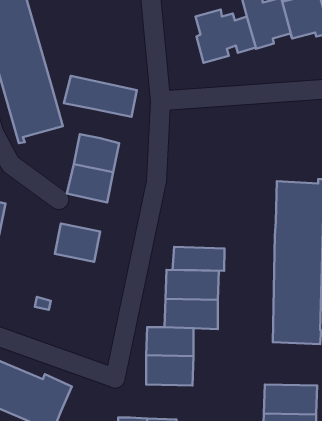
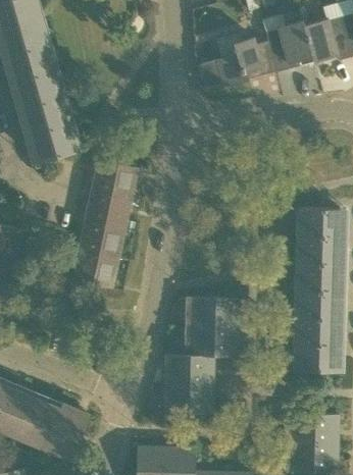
building: [64,76,137,117] -> none
building: none -> [79,219,125,258]
building: [173,247,225,271] -> none

